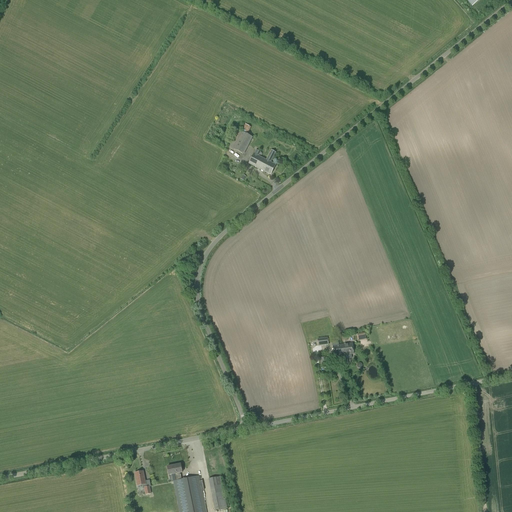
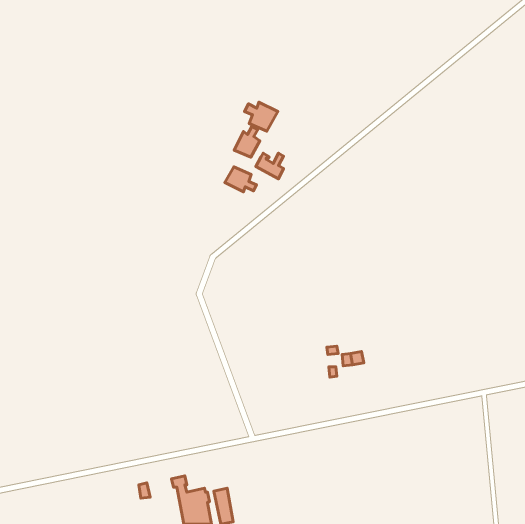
building: none -> [245,102,278,131]
building: none -> [225,167,257,192]

